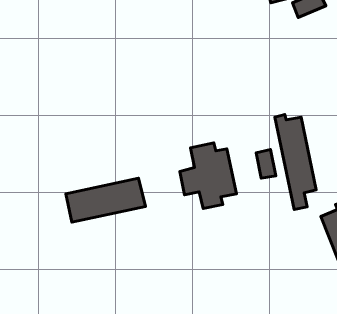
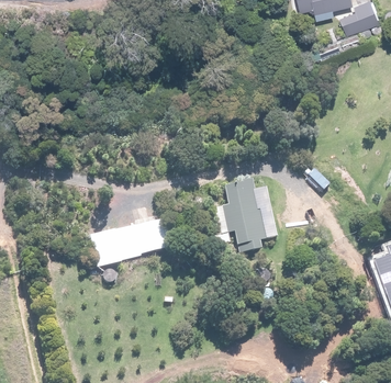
building: [275,114,316,210] -> none
building: [256,149,276,178] -> none

